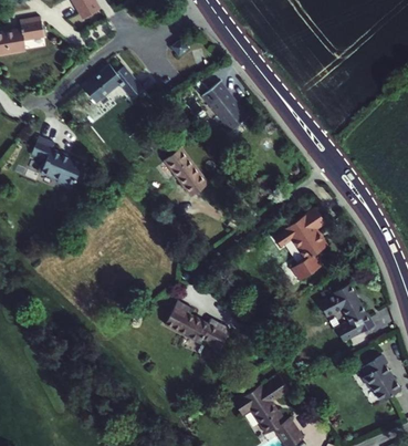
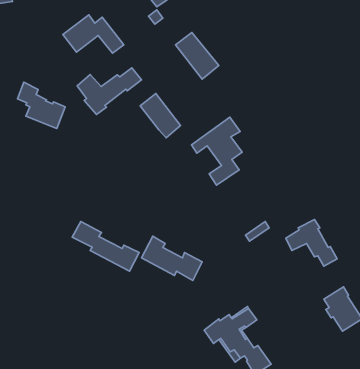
building: none -> [77,68,142,114]
building: [273,206,327,279] -> [192,117,242,185]
building: none -> [72,222,139,271]

